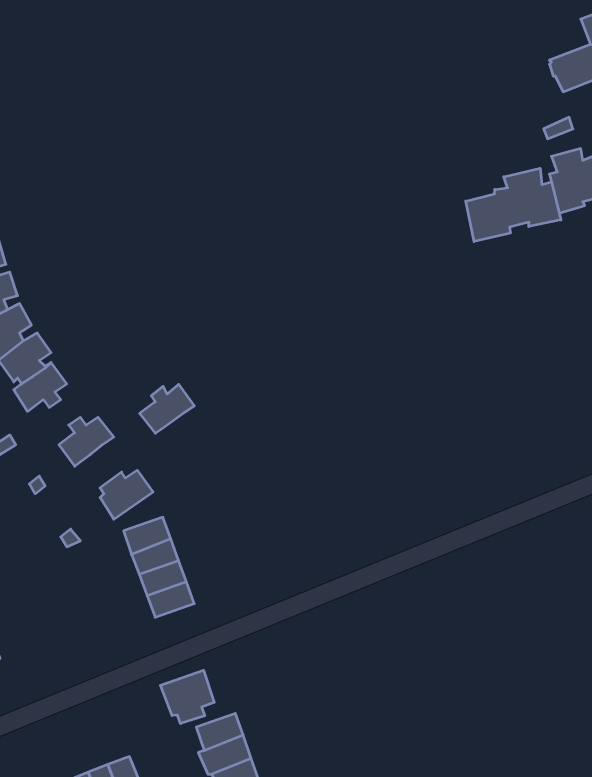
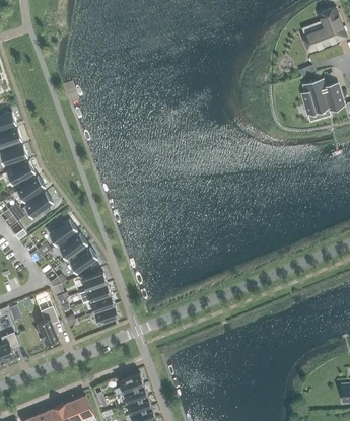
building: [466,168,561,242] -> none
building: [140,384,194,433] -> [58,233,86,259]
building: none -> [37,306,58,346]
building: [160,670,214,724] -> none

